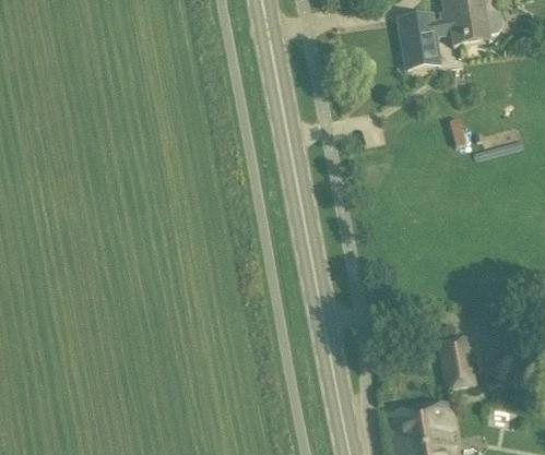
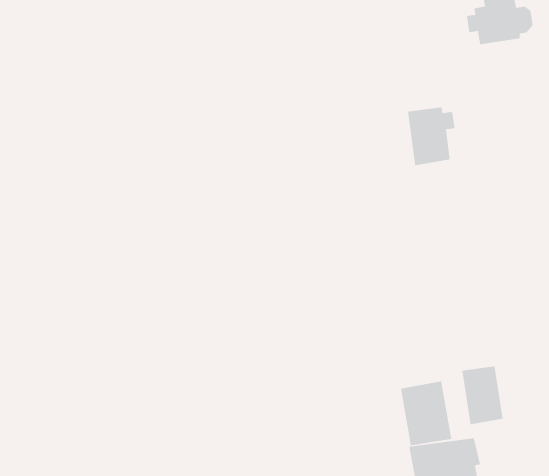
building: [399,13,442,67] -> [407,107,455,166]
building: none -> [400,381,452,446]

